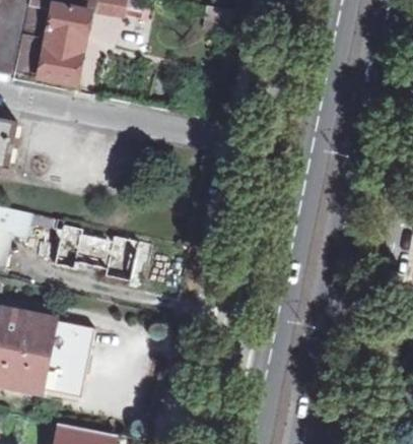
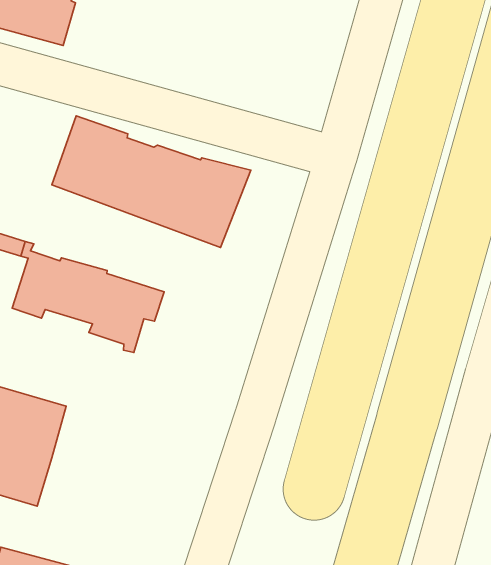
building: none -> [52,116,251,247]

